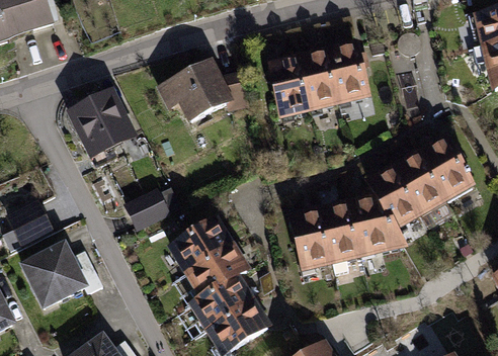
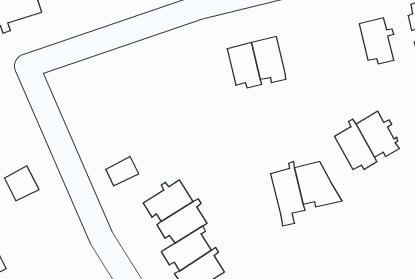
building: [327,46,367,99] -> [359,18,394,64]
building: [161,64,247,119] -> none
building: [74,96,130,153] -> none
building: [362,164,419,222] -> none
building: [290,205,332,265] -> none
building: [23,246,102,306] -> none

